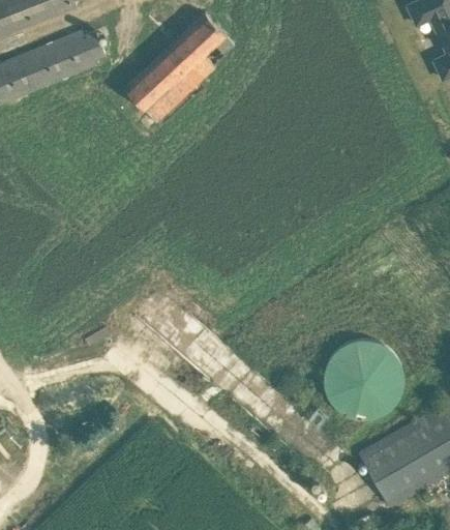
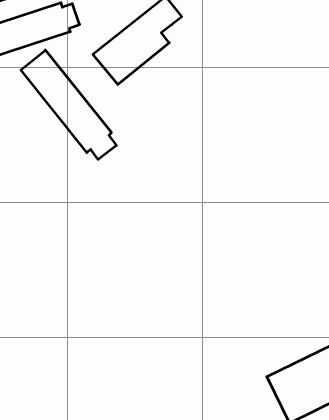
building: none -> [21,50,116,159]
building: [312,331,406,421] -> none

